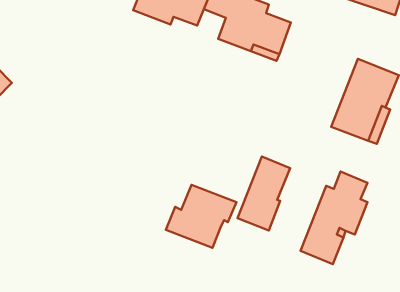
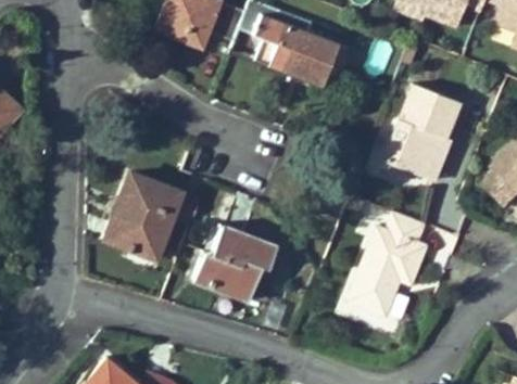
building: none -> [108,172,201,255]
building: [237,157,290,231] -> none

